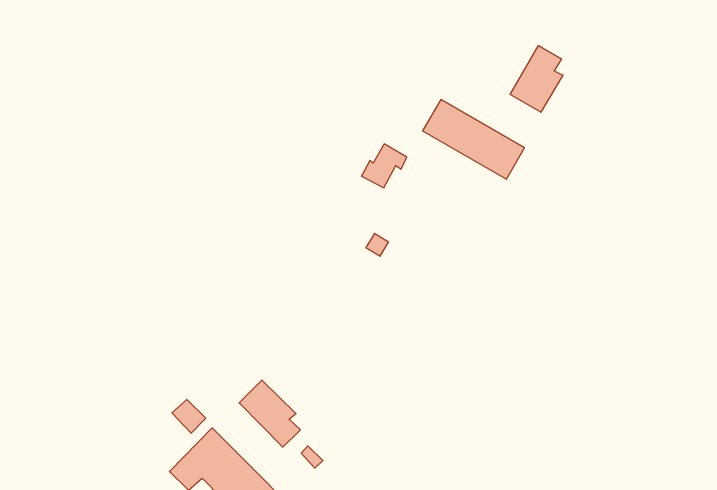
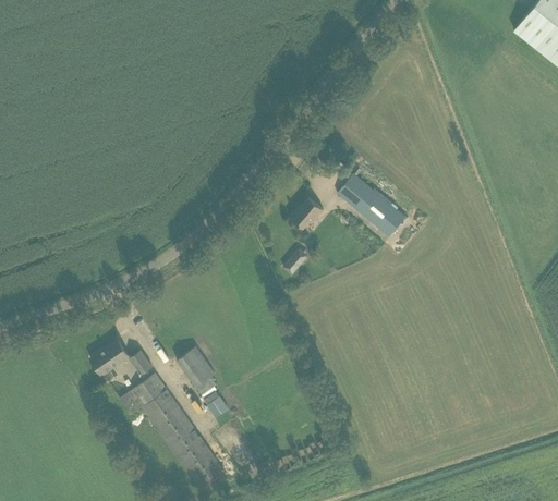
building: [510,46,563,112] -> none
building: none -> [90,340,129,381]

